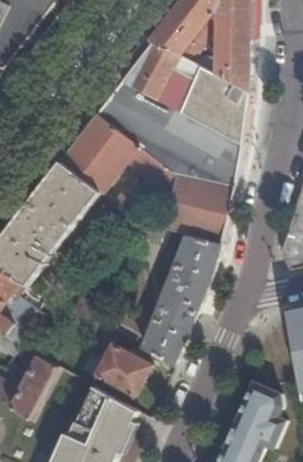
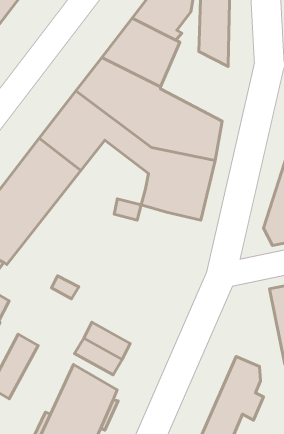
building: [179,67,246,145] -> none
building: [142,235,219,365] -> none

